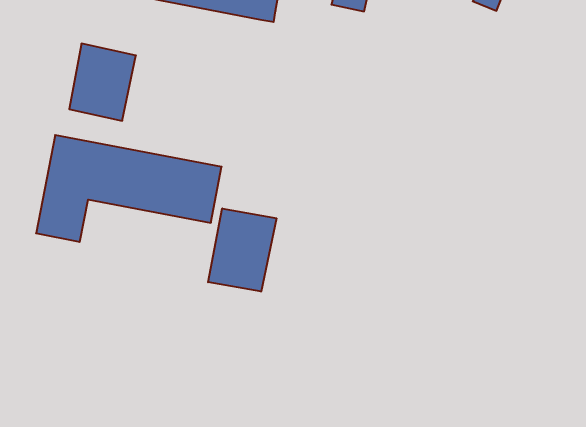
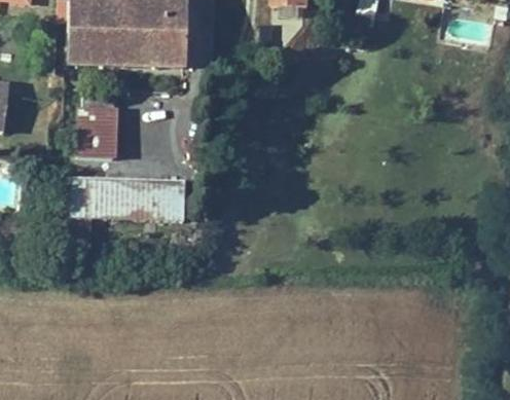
building: [208,208,276,292] -> none

